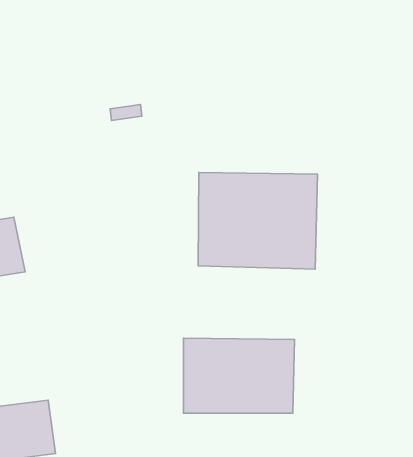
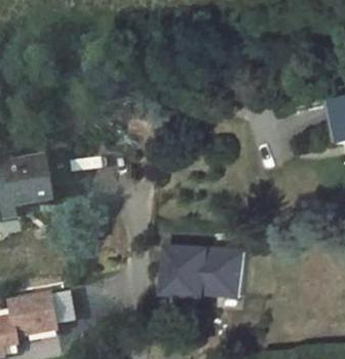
building: [198,173,318,269] -> none

